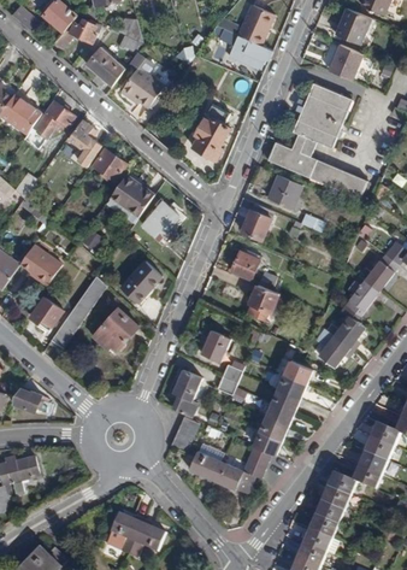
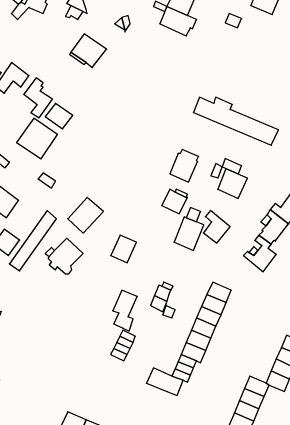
building: [329,45,362,81] -> none
building: [84,46,117,80] -> none
building: [291,83,352,151] -> none
building: [191,105,229,160] -> none
building: [105,175,153,223] -> [17,118,57,159]
building: [267,175,302,210] -> [218,169,247,198]
building: [142,202,184,242] -> none
building: [318,329,349,368] -> [203,210,230,243]
building: [200,330,230,363] -> [111,235,136,263]
building: [189,451,220,480] -> none

